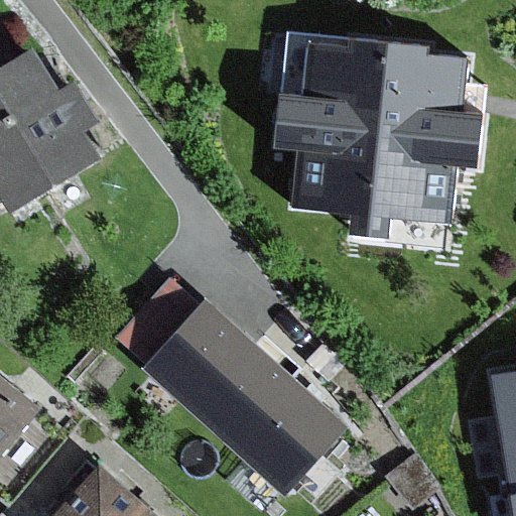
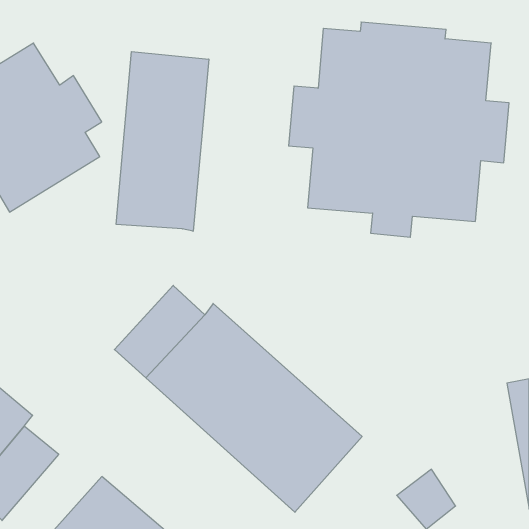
building: none -> [116,52,209,231]

